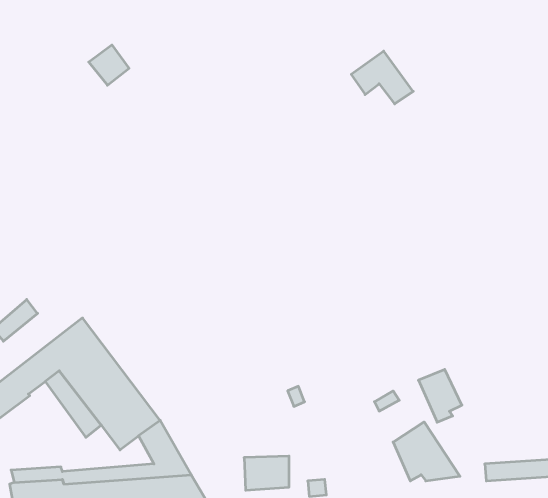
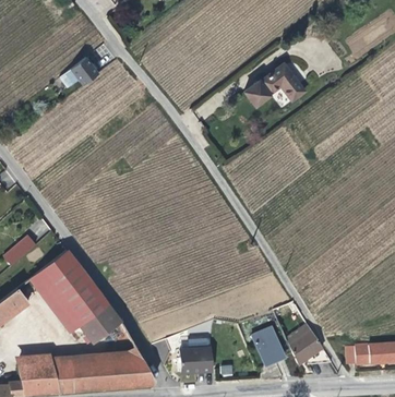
building: [418,369,462,422] -> [251,327,282,364]

